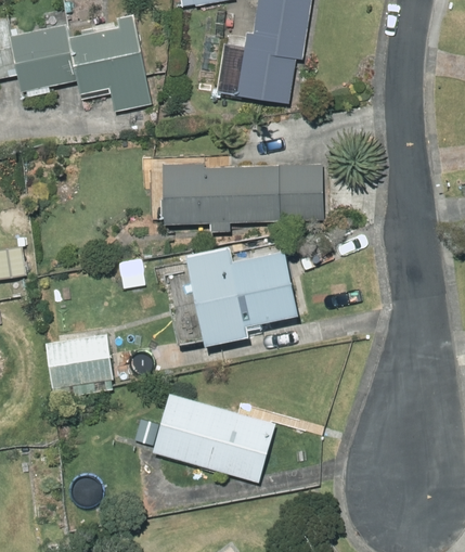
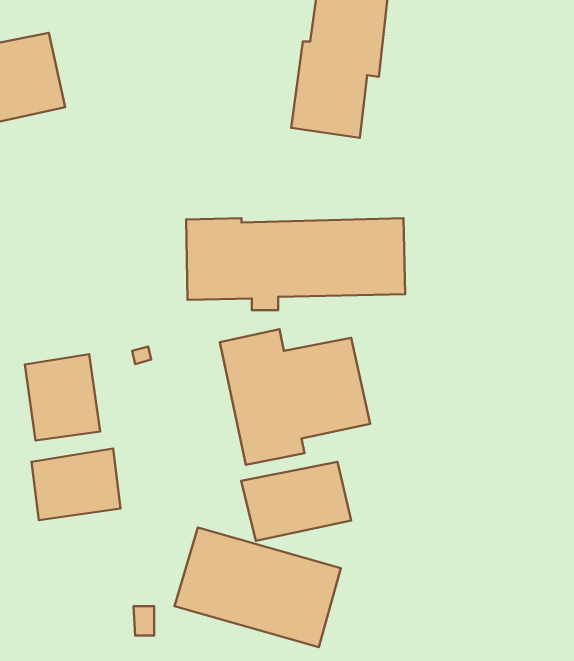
building: [63,16,147,113] -> none
building: none -> [25,354,100,441]
building: none -> [241,462,351,541]

